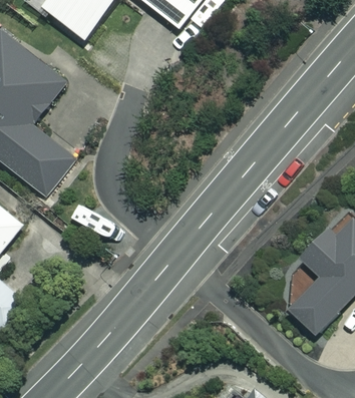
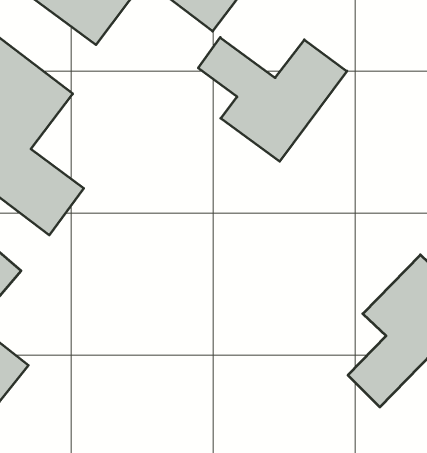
building: none -> [198,37,347,161]

